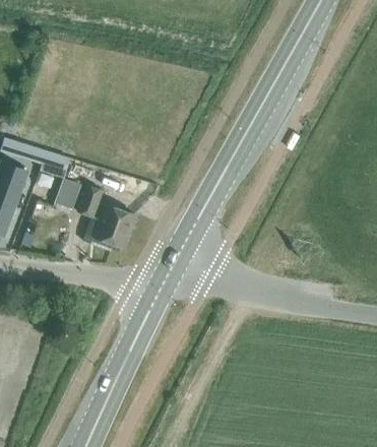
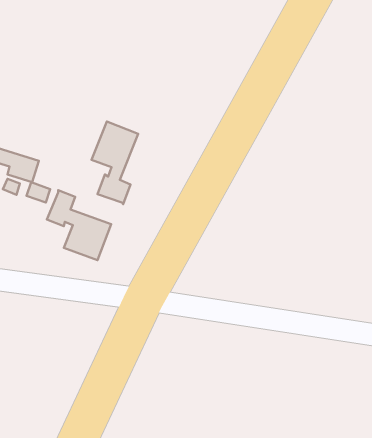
building: none -> [91,121,138,204]

